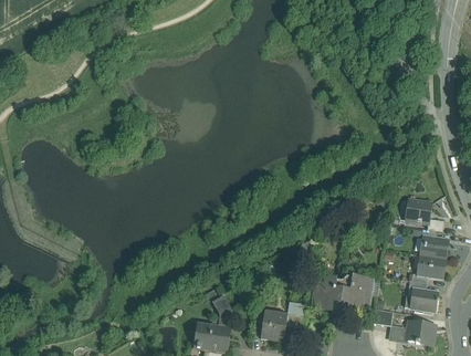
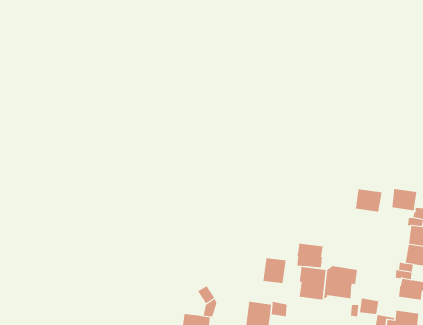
building: none -> [355,189,382,212]
building: none -> [297,243,323,268]
building: none -> [263,258,286,284]

